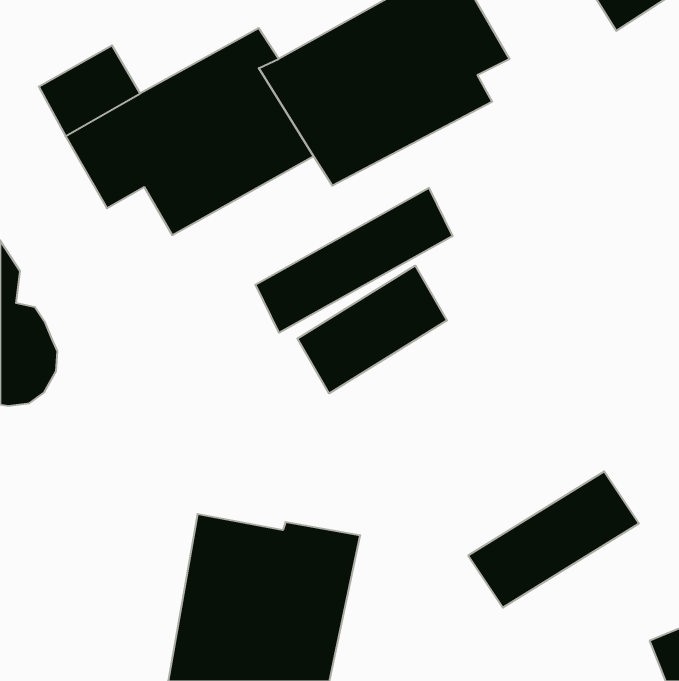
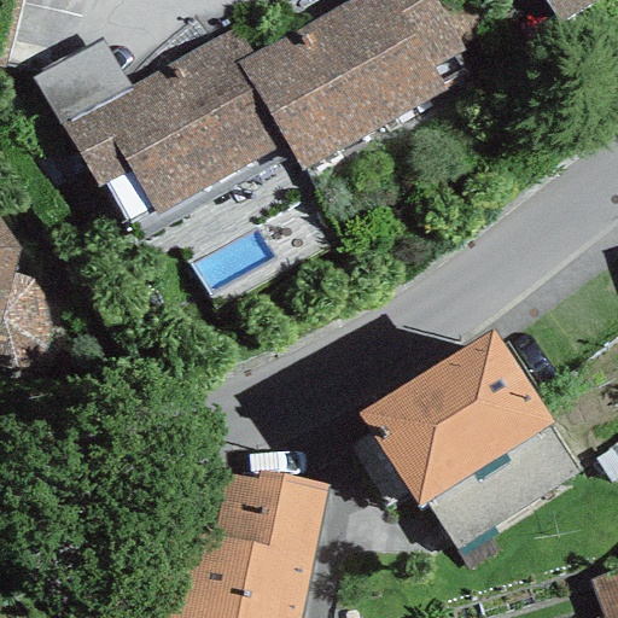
building: [255,188,453,333] -> none
building: [297,266,447,393] -> none
building: none -> [360,330,554,506]

